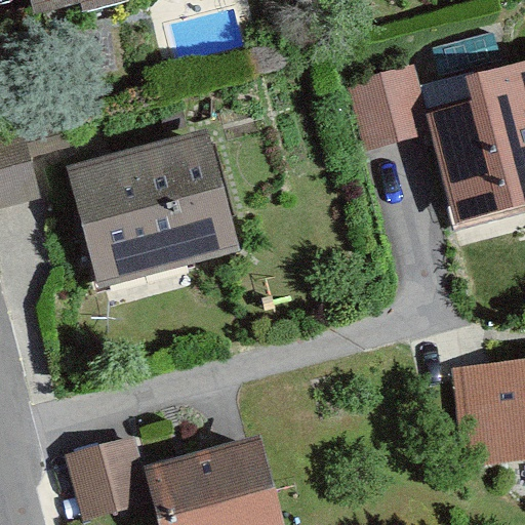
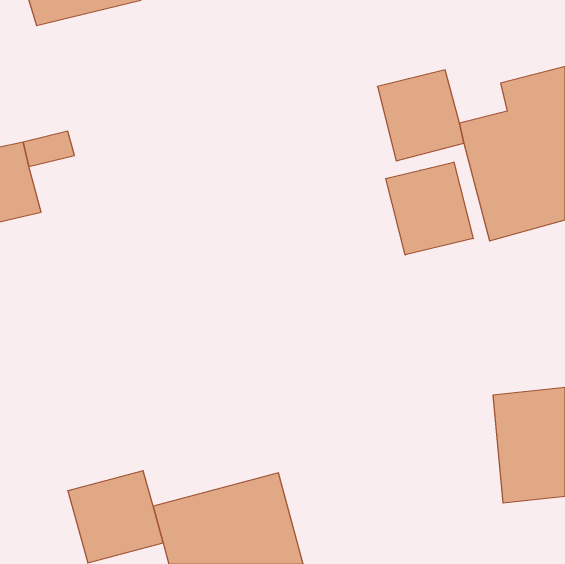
building: [71,131,248,290] -> none
building: none -> [386,162,473,255]

